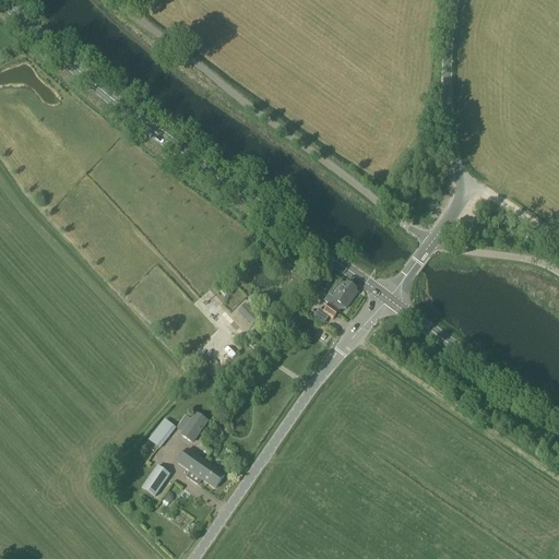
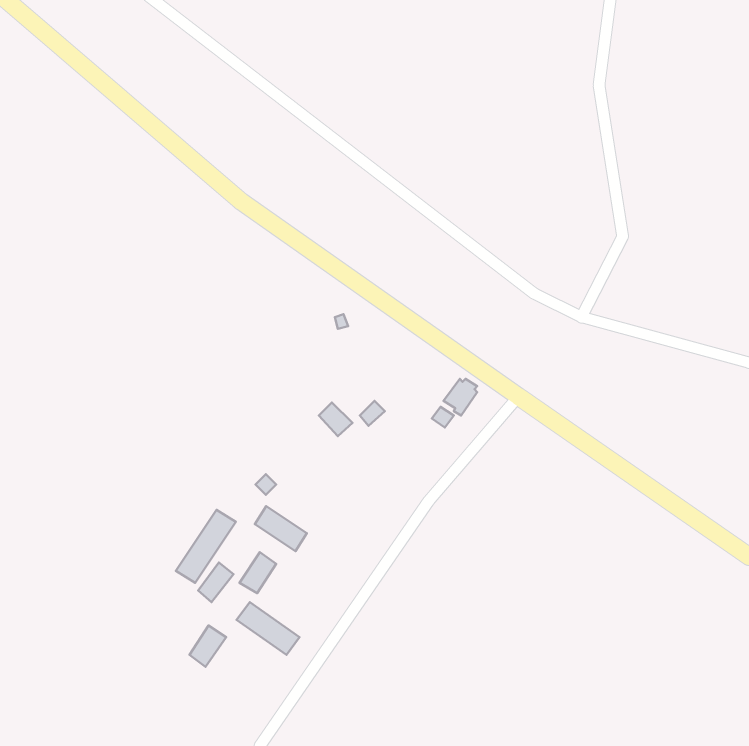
building: none -> [255,506,307,551]
building: none -> [176,510,236,583]

